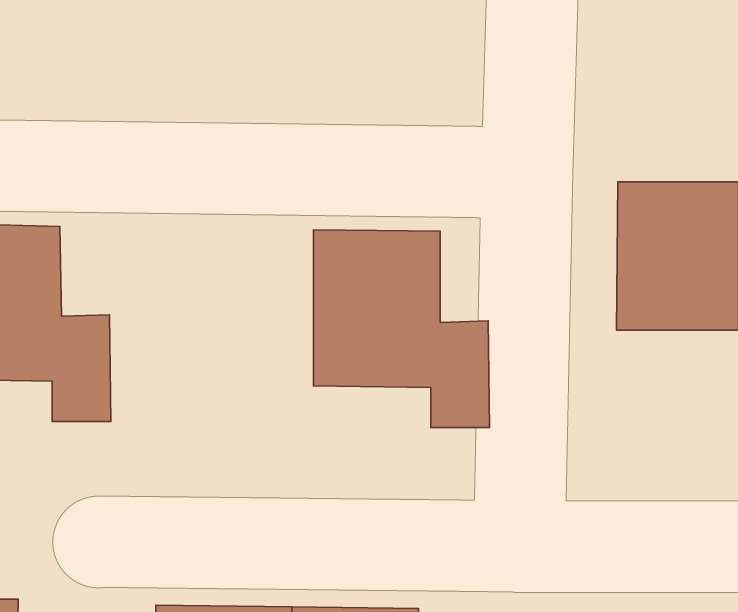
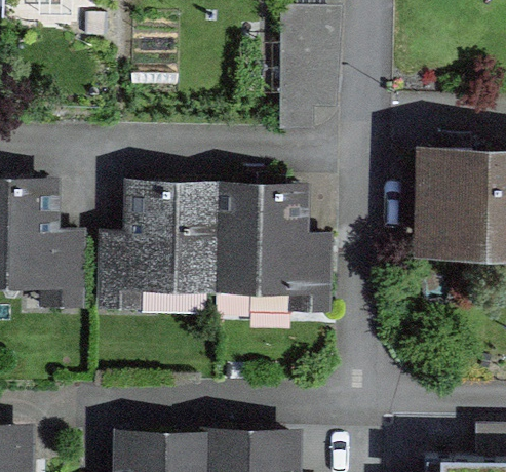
building: none -> [95,184,222,312]

